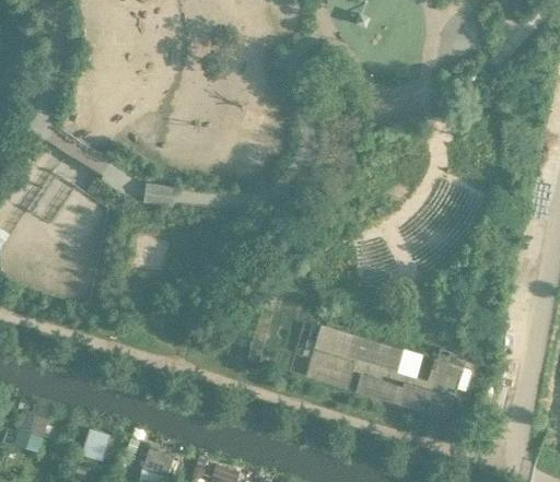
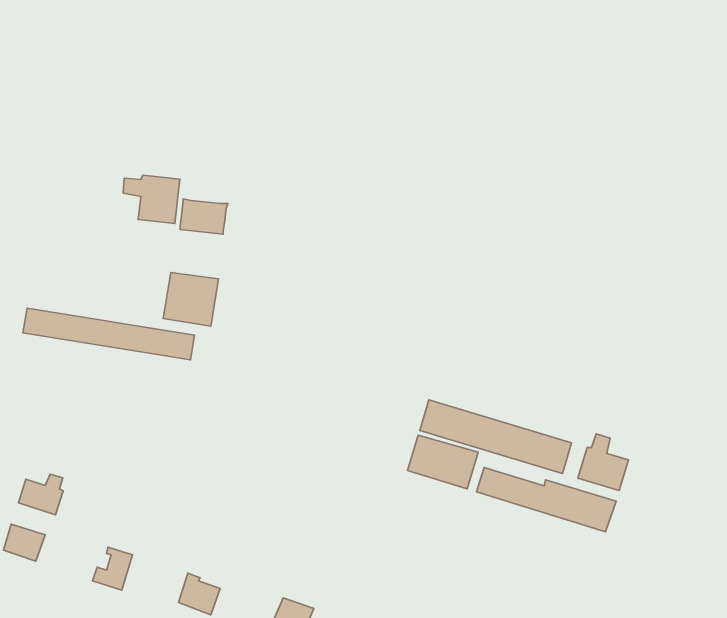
building: none -> [123,175,180,223]
building: none -> [23,308,195,360]
building: none -> [18,474,63,515]

